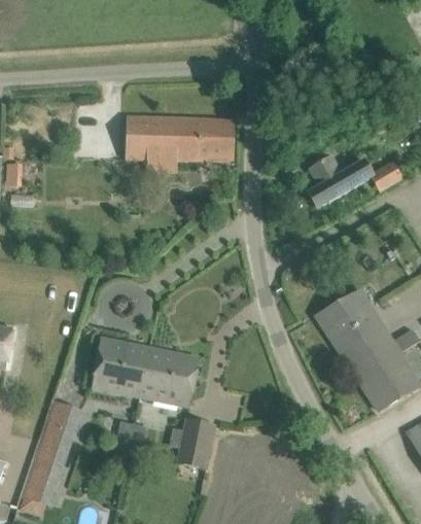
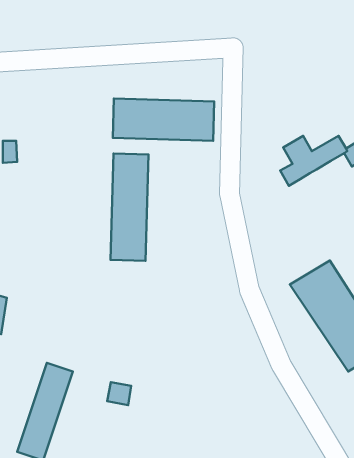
building: none -> [110,153,148,261]
building: [94,338,199,406] -> none
building: [177,416,218,468] -> none

